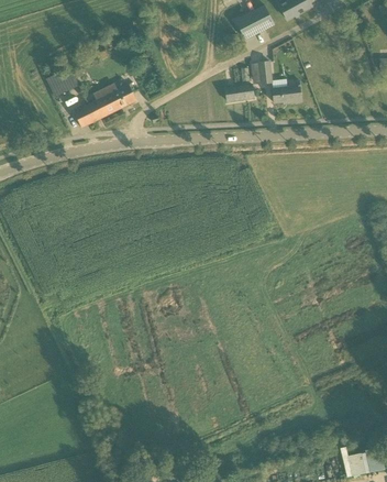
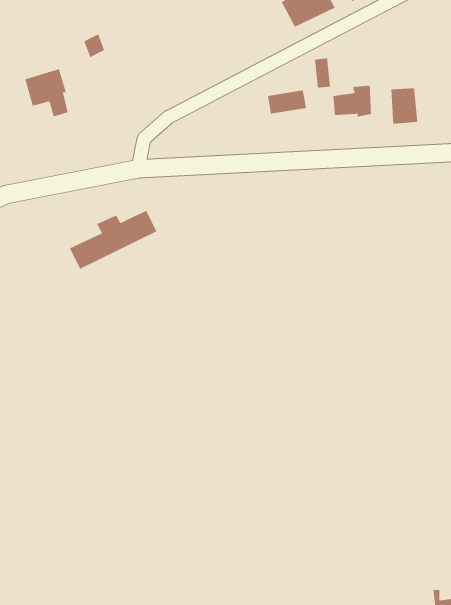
building: none -> [391,87,418,124]
building: [73,84,136,127] -> [69,210,157,270]

